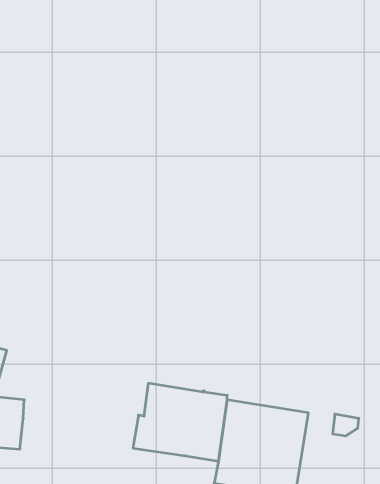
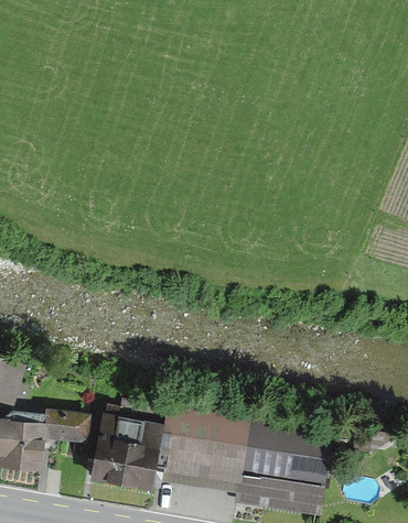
building: none -> [86,407,159,490]
building: none -> [42,414,87,443]

